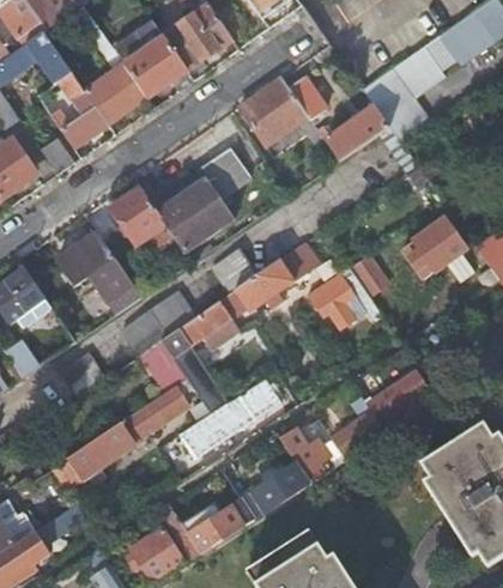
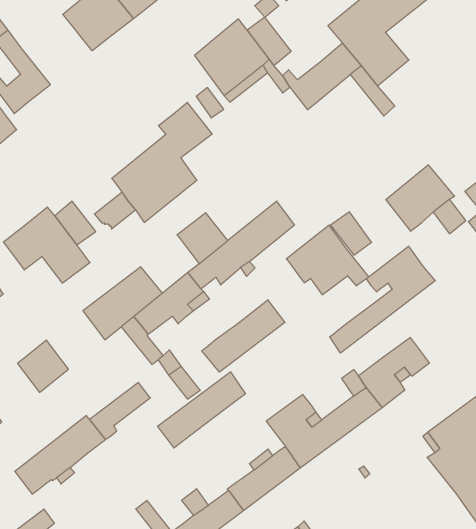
building: [84,60,147,122] -> none
building: [115,189,165,243] -> none
building: none -> [330,246,435,353]
building: none -> [202,300,285,372]

